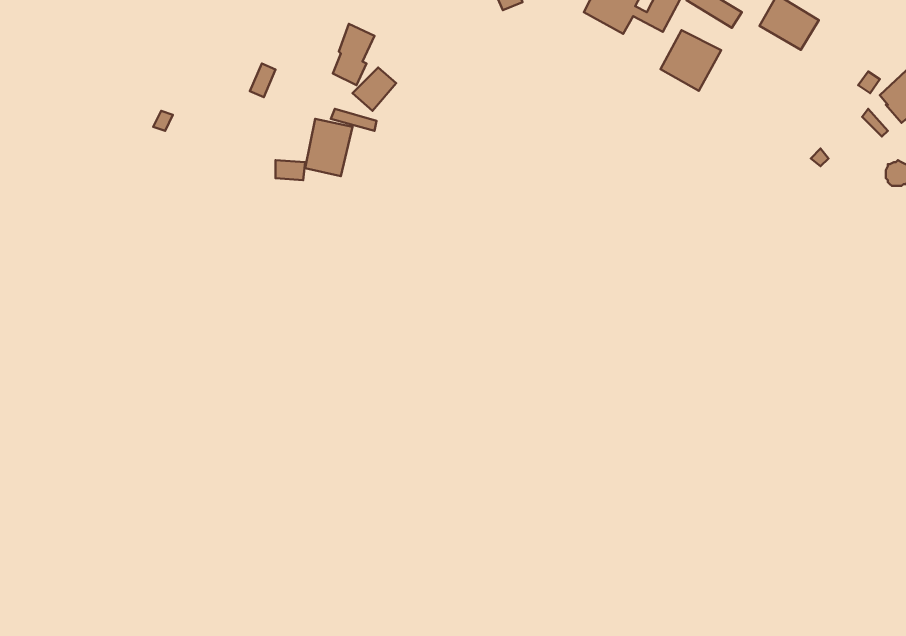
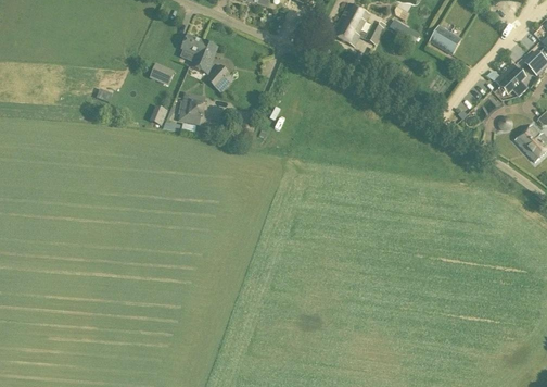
building: none -> [181,35,204,68]
building: [660,30,721,91] -> none

